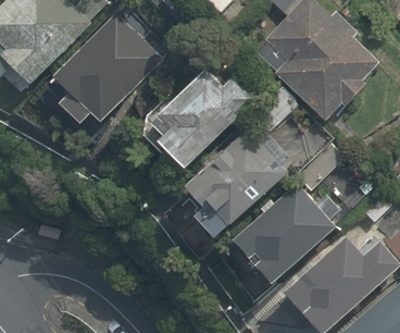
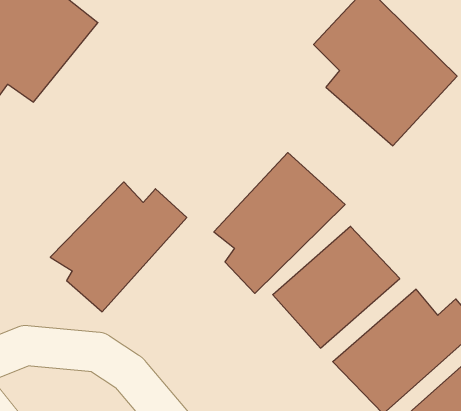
building: [53,11,164,121] -> none
building: [151,66,260,170] -> [50,182,187,312]

